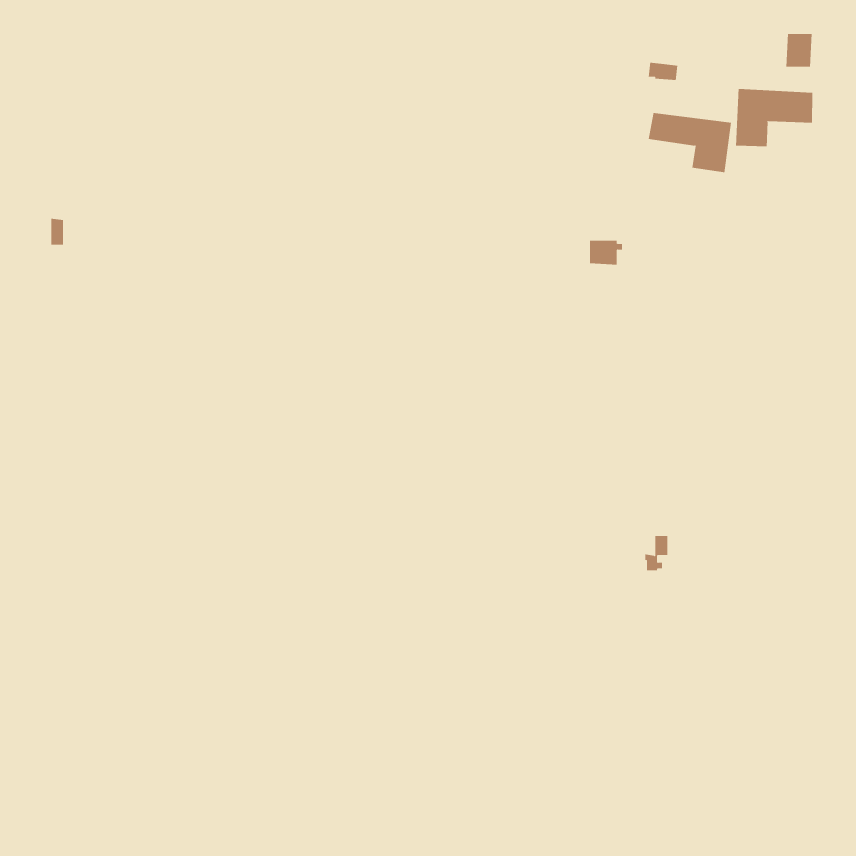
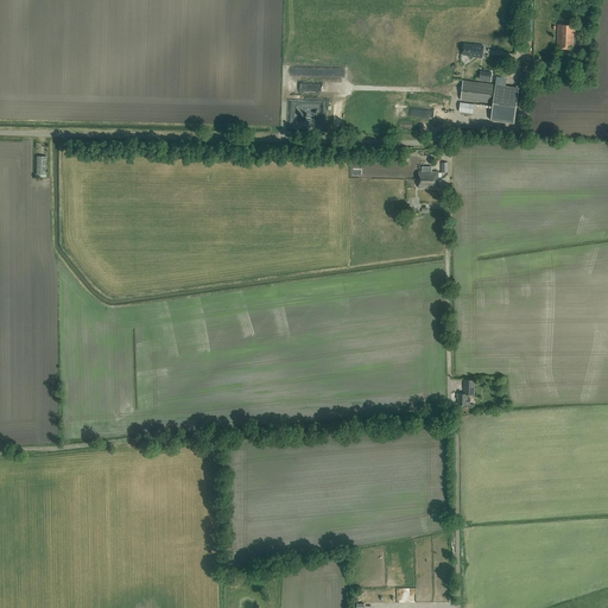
building: [735,88,813,147] -> none

